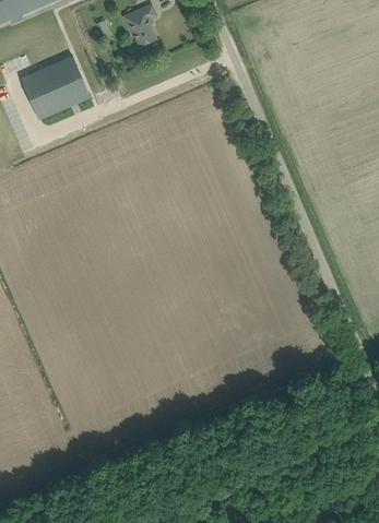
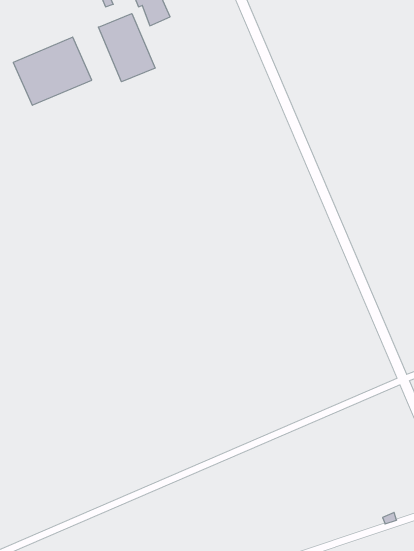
building: none -> [98,14,155,82]

